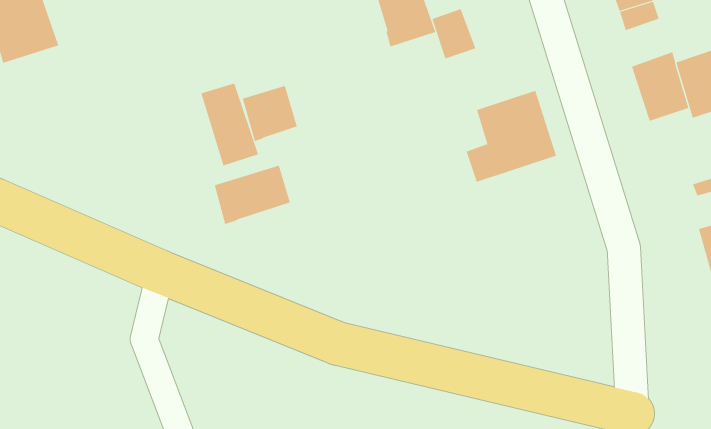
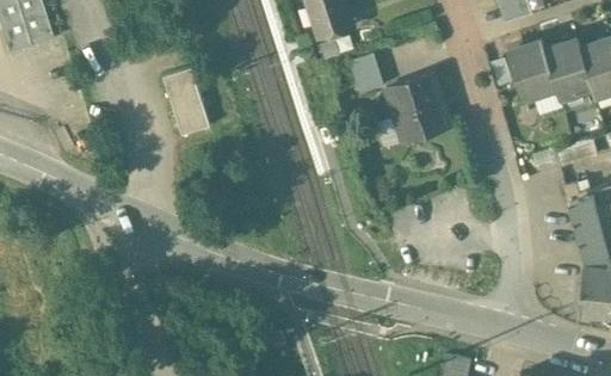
building: [432,8,476,59] -> [350,54,385,94]
building: [242,85,298,142] -> none
building: [214,165,291,225] -> none

